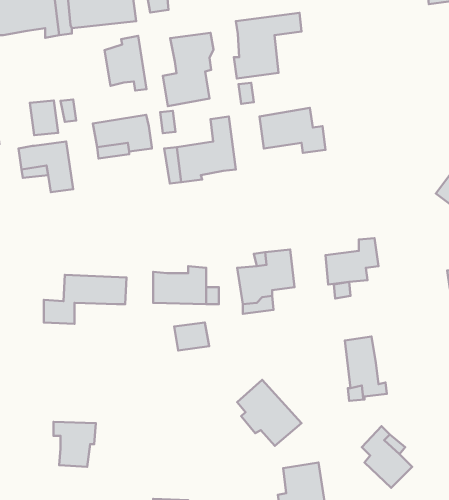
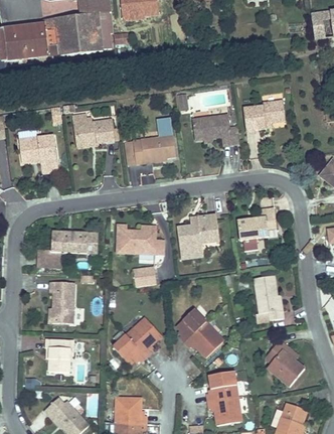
building: [234,13,301,79] -> none
building: [163,33,214,106] -> none
building: [104,36,146,90] -> none
building: none -> [243,99,285,132]
building: [30,101,58,135] -> none
building: none -> [48,282,74,322]
building: none -> [112,315,162,363]

